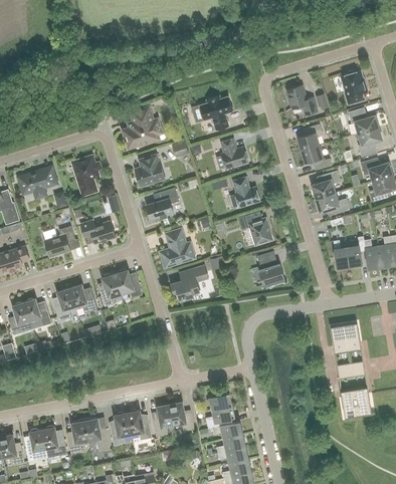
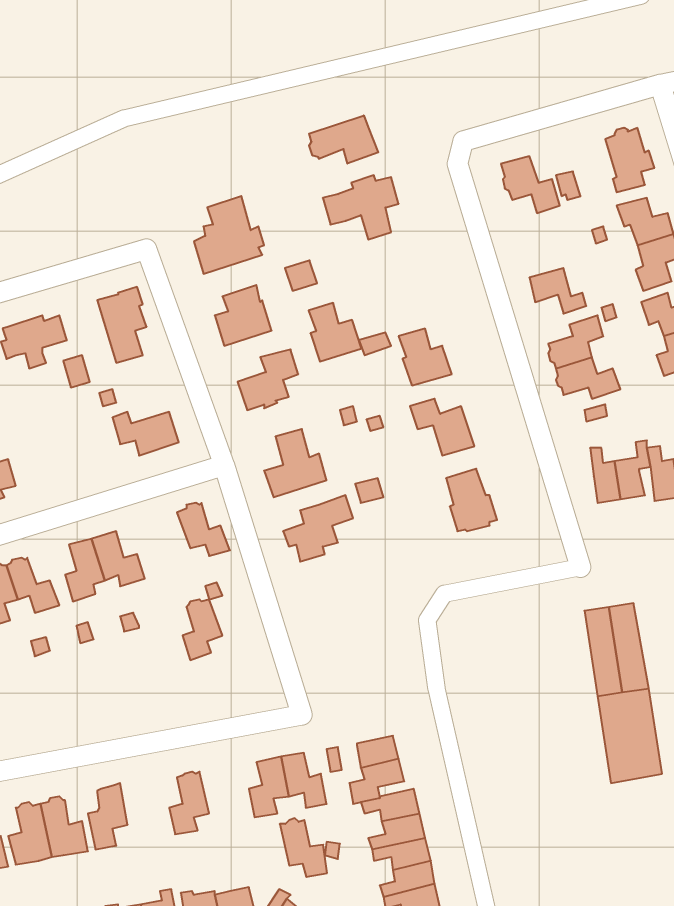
building: none -> [309,115,378,164]
building: [298,124,323,150] -> none
building: [220,138,248,169] -> [309,303,362,362]
building: [44,226,75,257] -> none
building: [101,274,122,306] -> [183,599,222,660]
building: [127,409,152,440] -> [280,818,327,877]
building: [84,417,111,451] -> none

